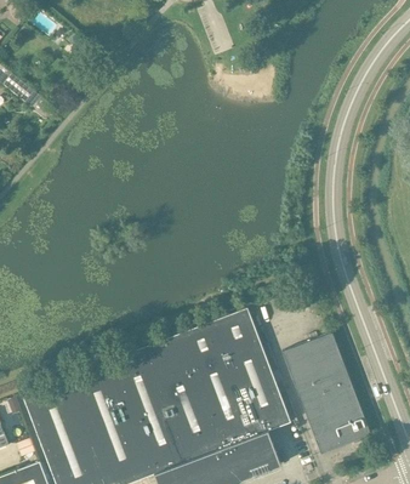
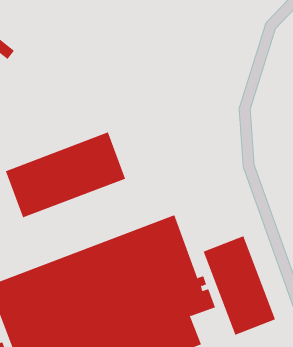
building: none -> [5,132,126,218]

